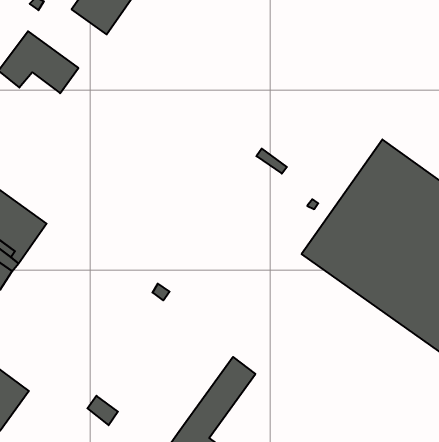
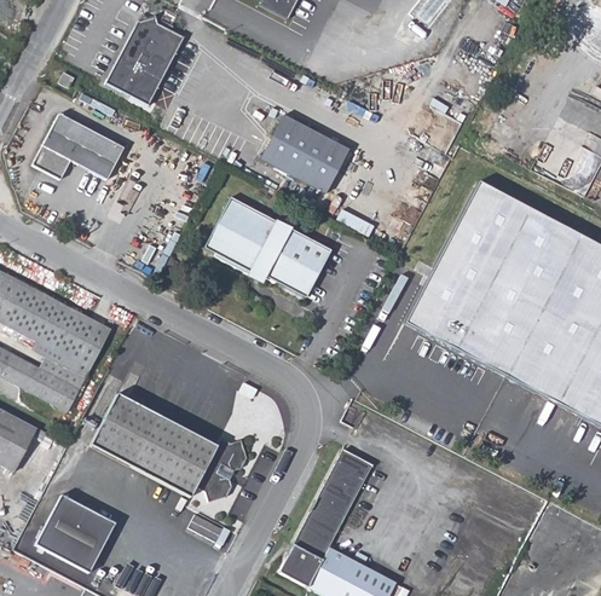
building: none -> [260,112,351,192]
building: none -> [202,196,326,296]
building: none -> [91,394,245,504]

